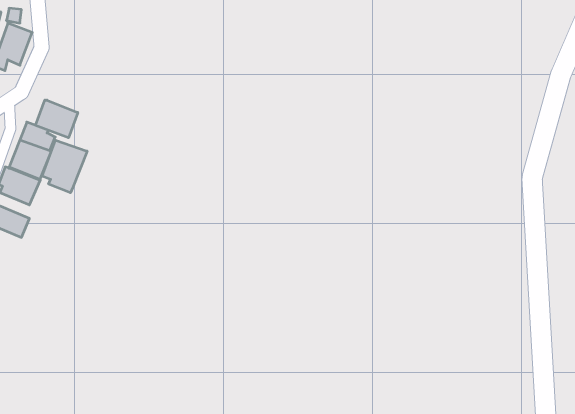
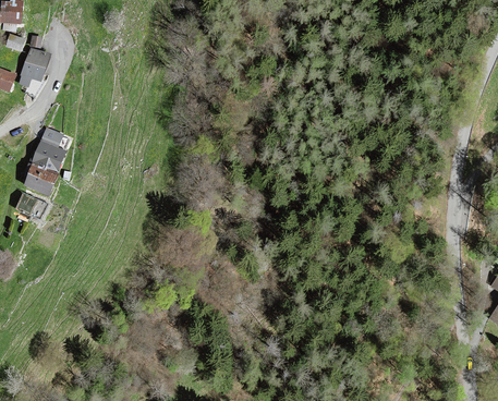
building: [36,100,78,138] -> none
building: [42,140,87,193] -> none

